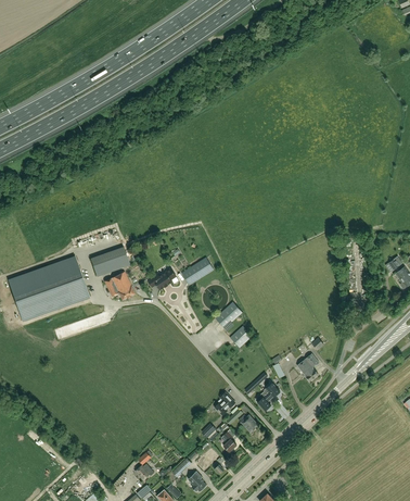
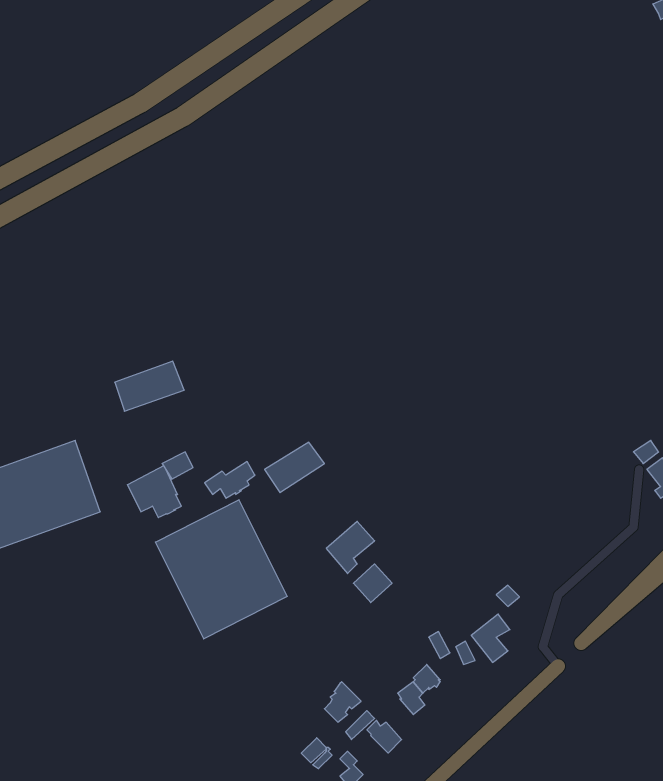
building: [91,248,130,276] -> [115,361,184,411]
building: none -> [155,500,287,639]

